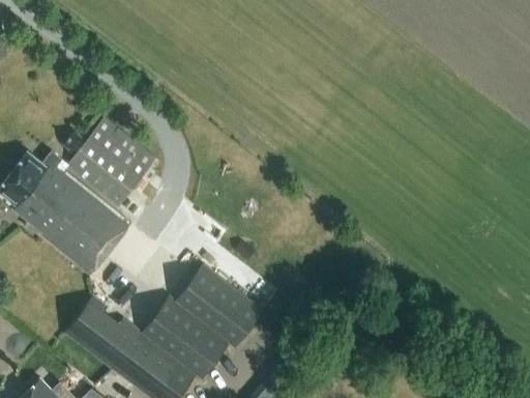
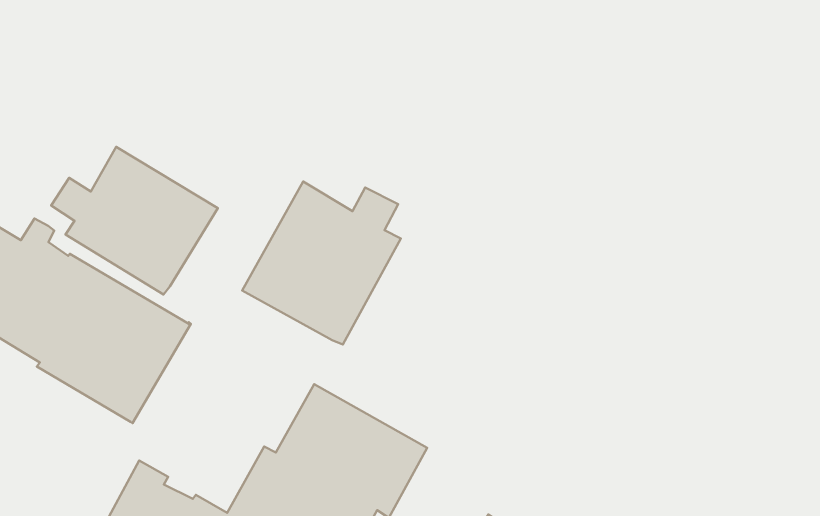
building: none -> [242,182,401,344]

